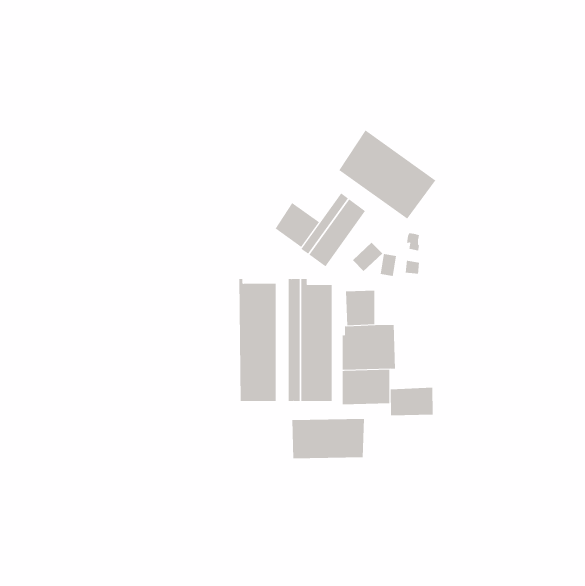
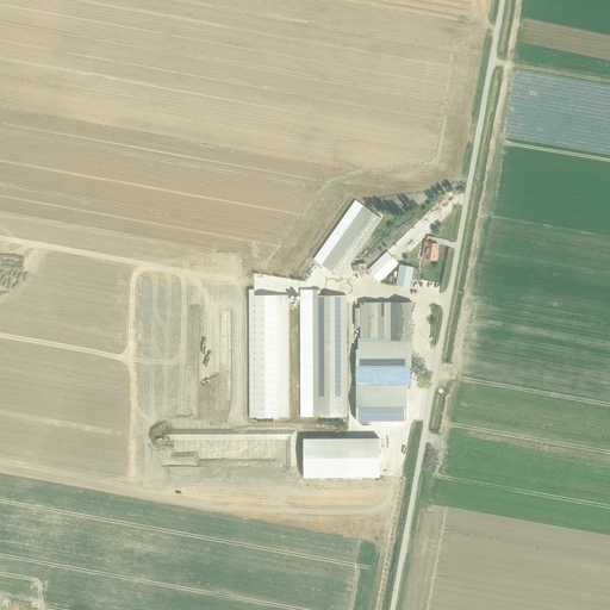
building: [339,129,436,220] -> none
building: [275,202,320,248] -> none
building: none -> [390,301,410,337]
building: [390,387,433,416] -> none

